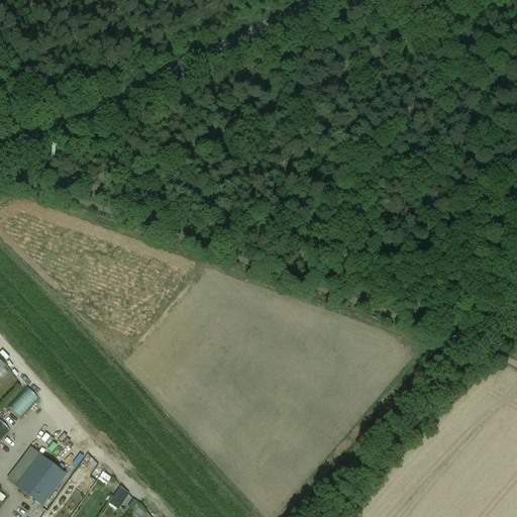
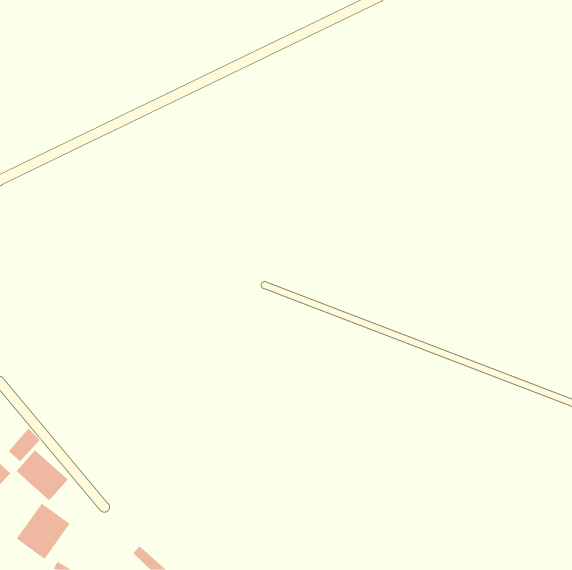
building: none -> [16,449,68,501]

